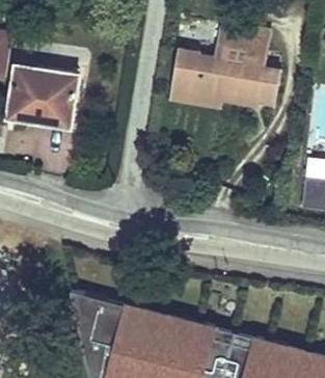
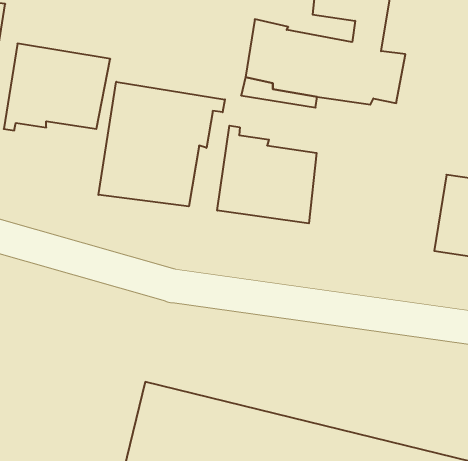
building: none -> [98,82,225,206]
building: none -> [217,126,317,223]

